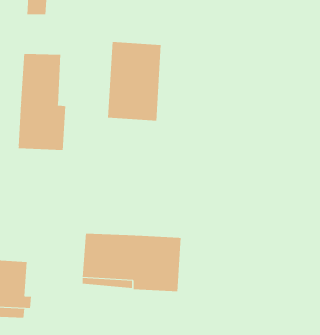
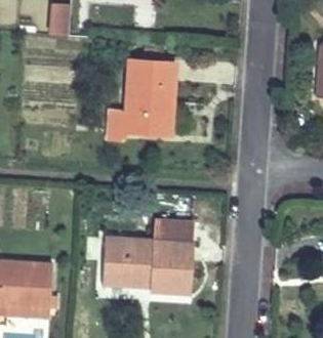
building: [18,53,66,151] -> none
building: none -> [152,218,194,242]

